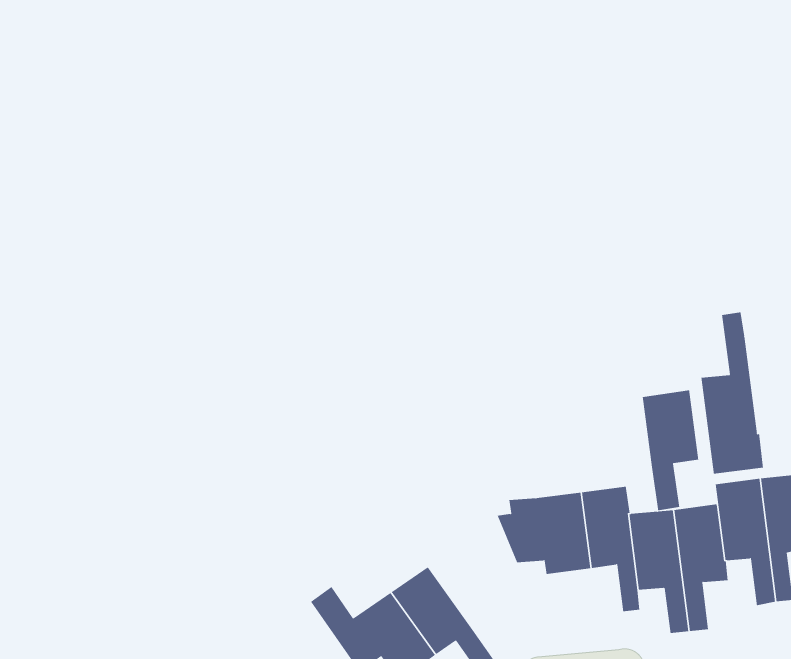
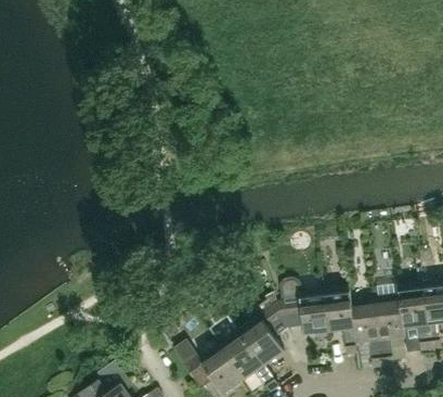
building: [701,312,764,475] -> none
building: [642,389,699,511] -> none
building: none -> [239,299,288,364]

